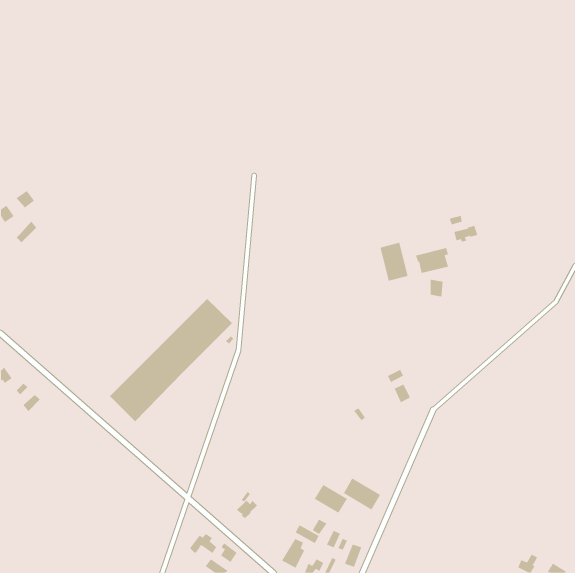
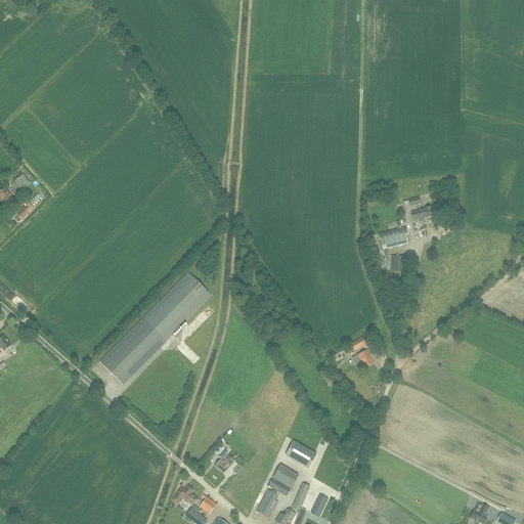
building: [380,242,408,282] -> none
building: [343,478,381,511] -> none

